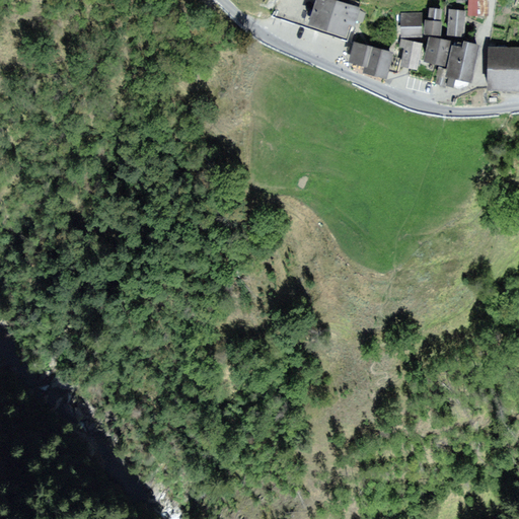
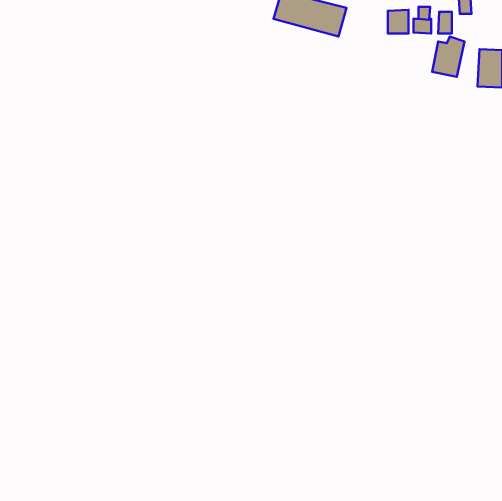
building: [424,35,444,60] -> none
building: [397,36,418,68] -> none
building: [351,45,391,76] -> none

